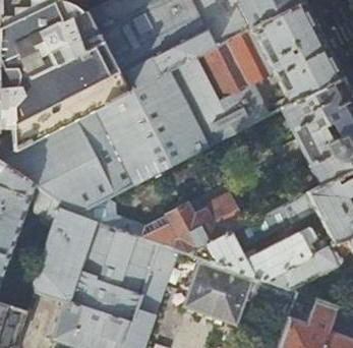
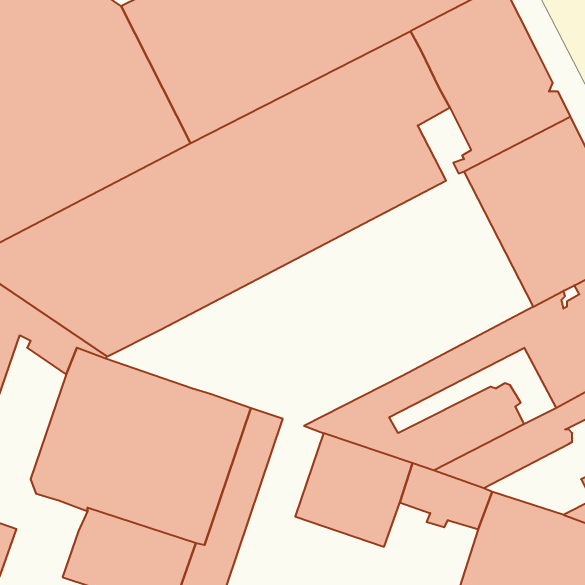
building: [136,193,246,253] -> none
building: [76,198,129,232] -> none

